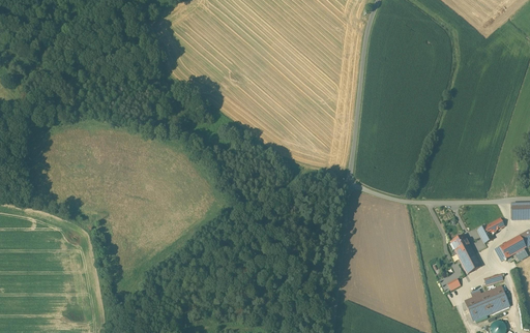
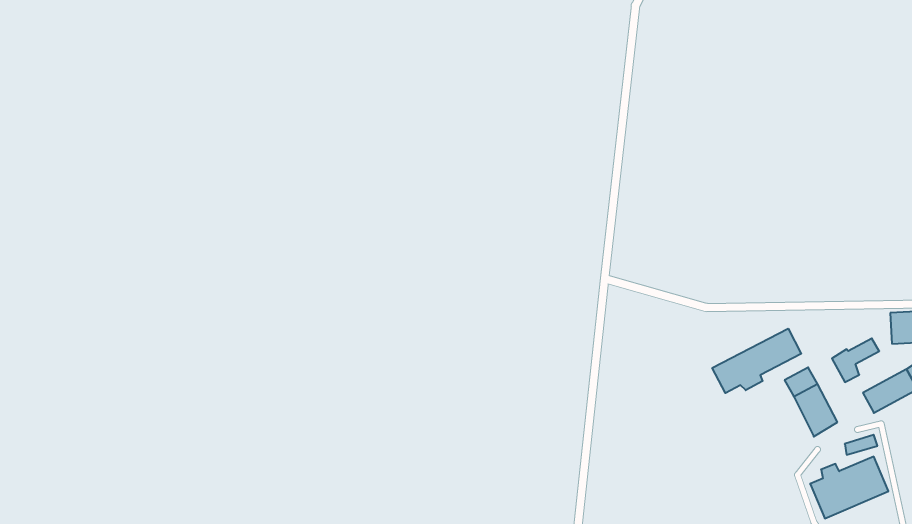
building: none -> [712,329,801,393]

